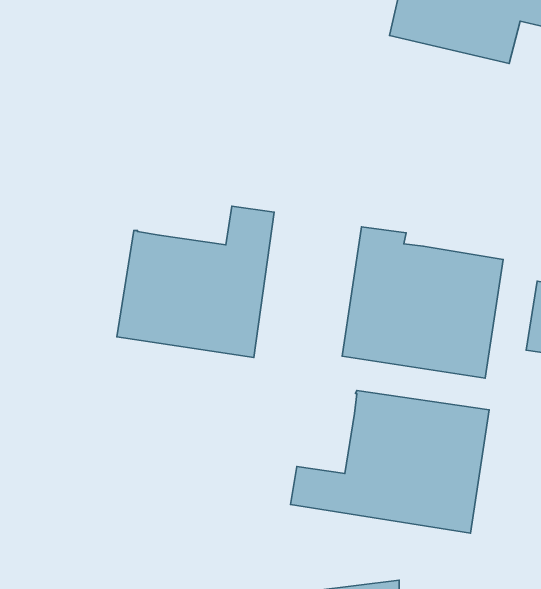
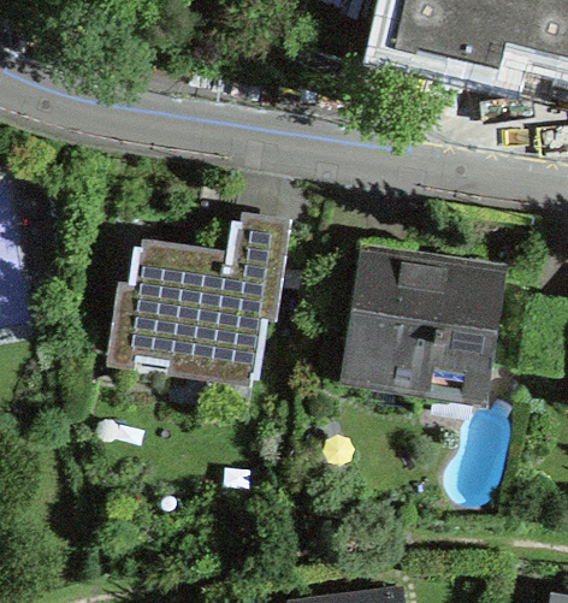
building: [290,390,489,533] -> none

